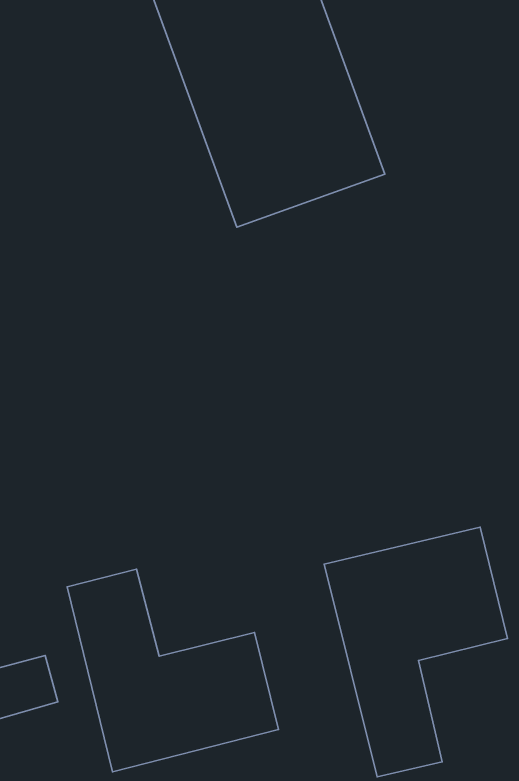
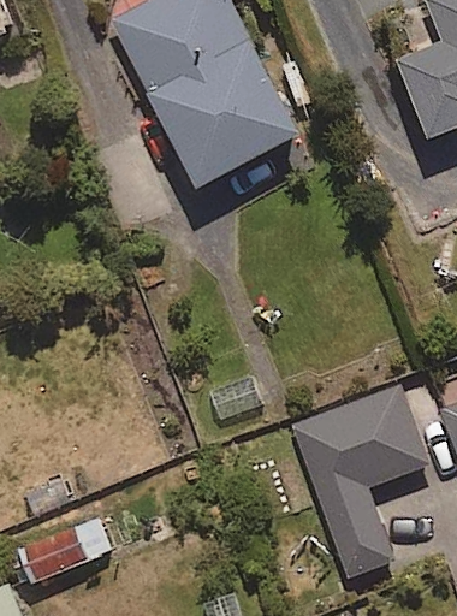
building: [67,569,279,772] -> none

